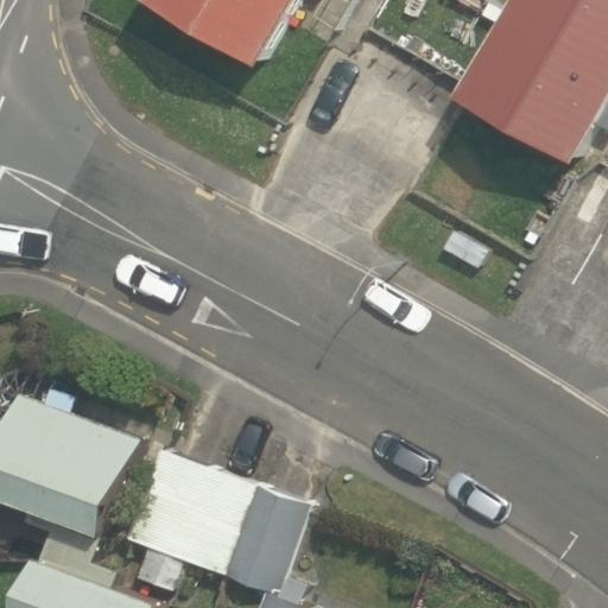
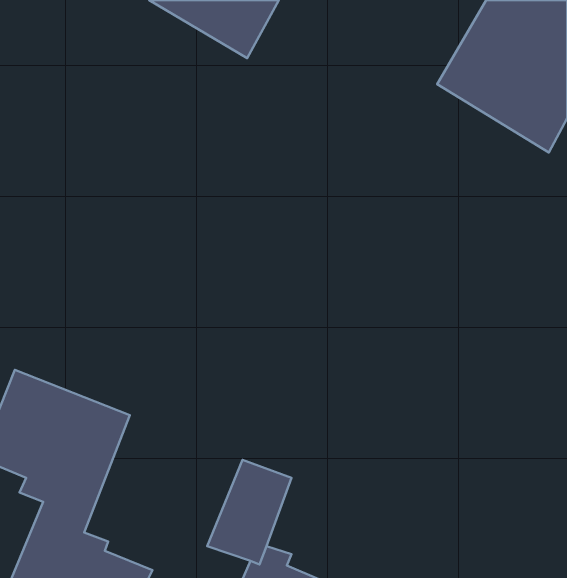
building: [125,449,253,593] -> none

